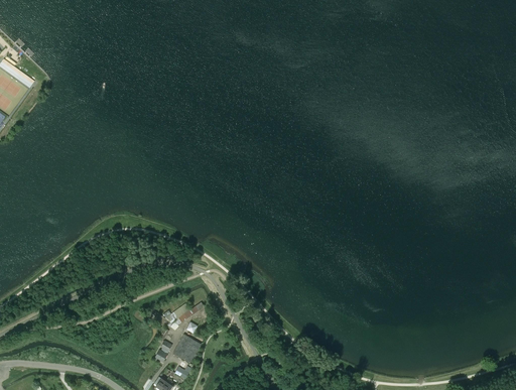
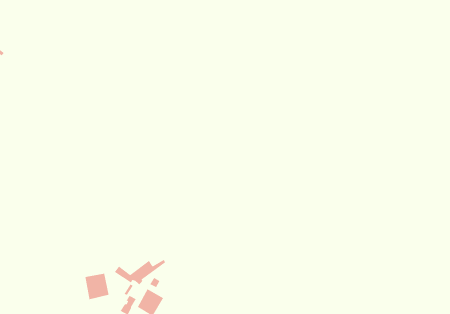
building: none -> [84,273,109,300]

